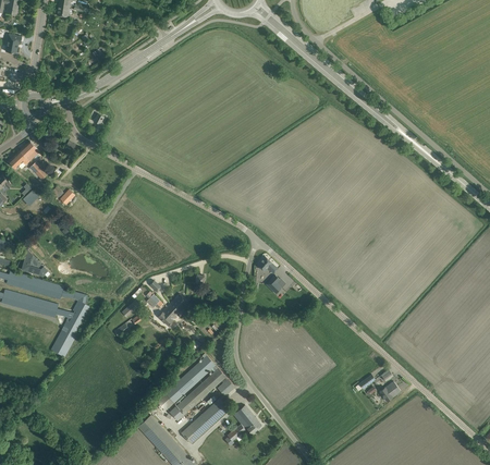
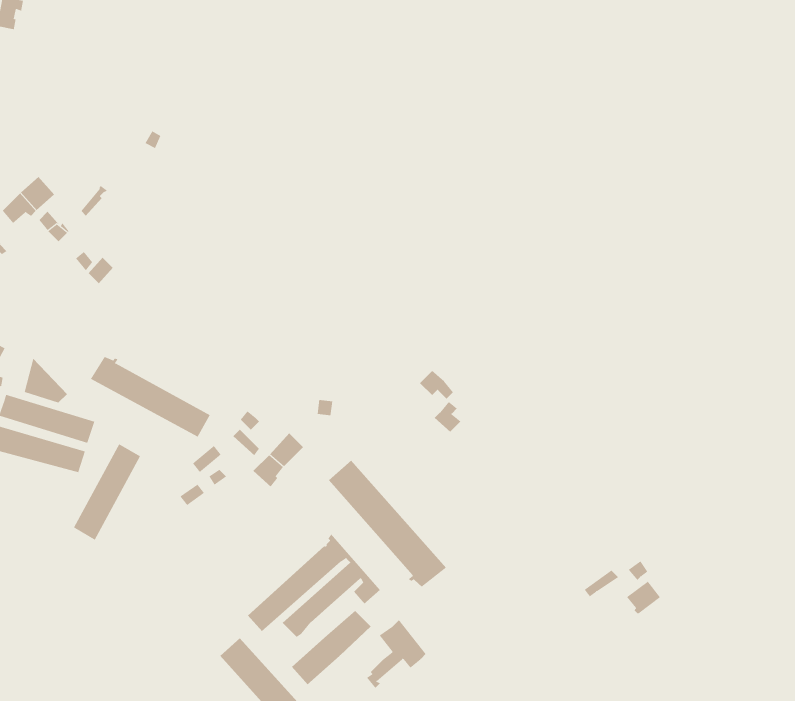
building: none -> [90,356,210,438]
building: none -> [328,460,447,588]

